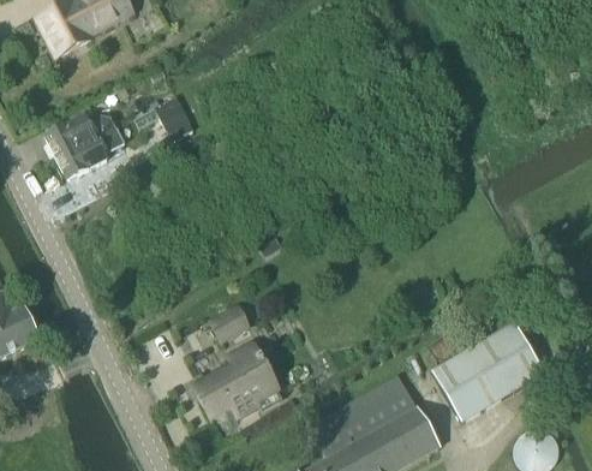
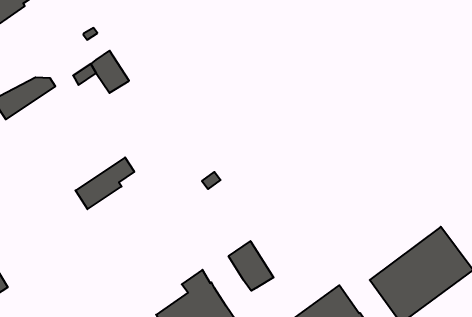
building: [56,126,122,178] -> [75,157,134,209]
building: [208,302,252,344] -> none
building: none -> [229,241,274,291]

